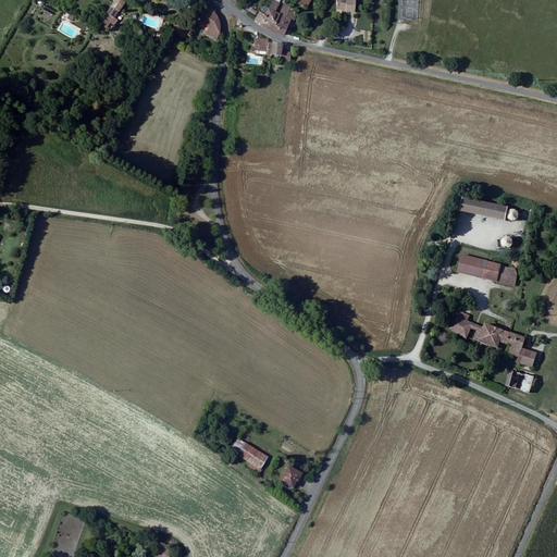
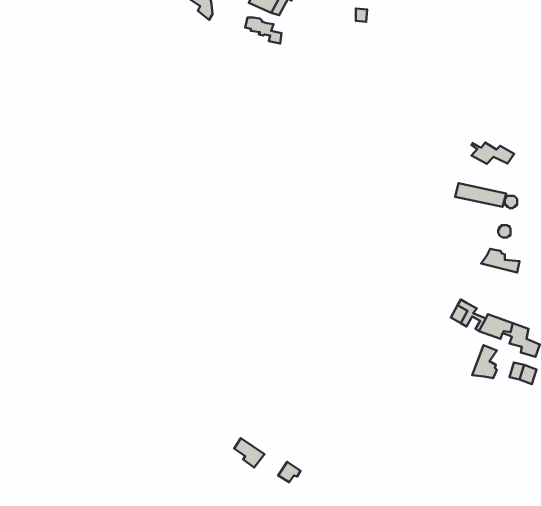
building: none -> [472,143,514,164]
building: [456,252,487,274] -> none
building: none -> [472,345,497,378]

